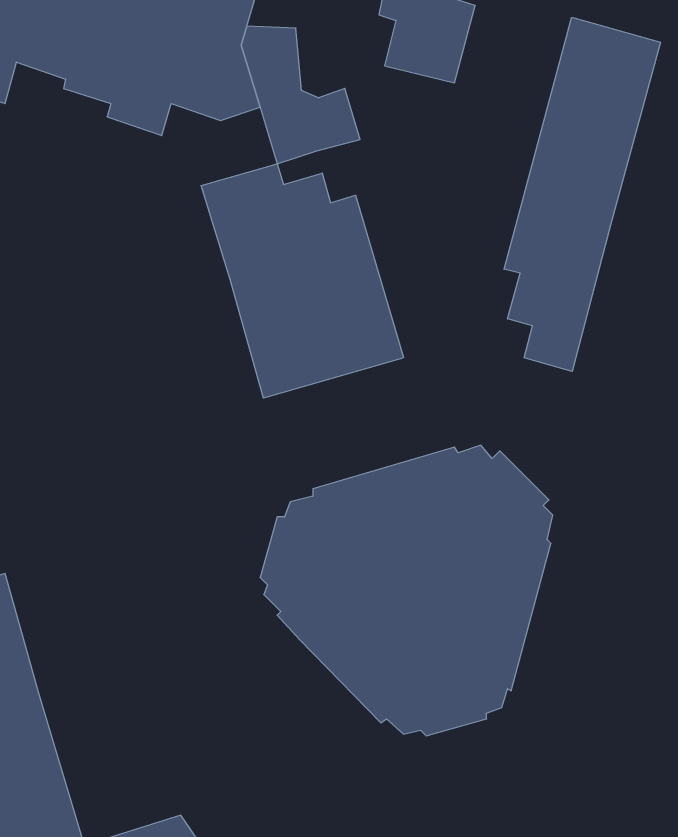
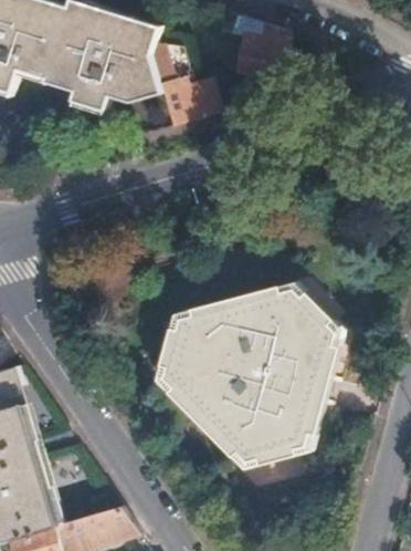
building: [504,18,661,371] -> none
building: [201,164,403,398] -> none

